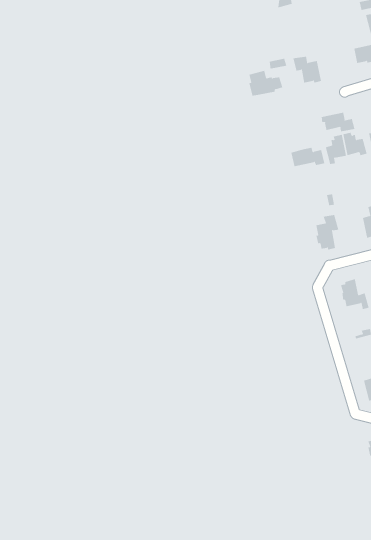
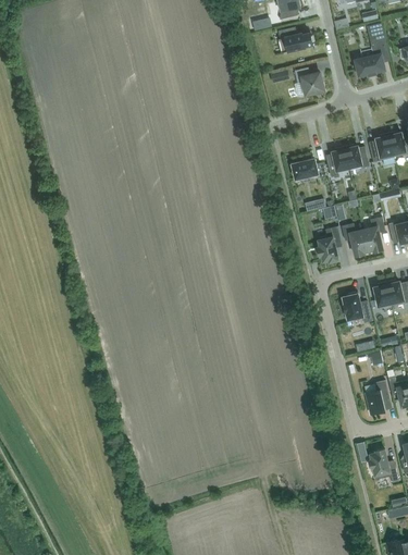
building: [248,70,283,96] -> [277,26,312,52]
building: [321,112,355,132] -> none
building: none -> [341,223,368,256]

